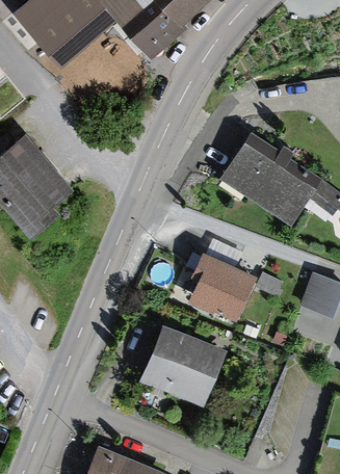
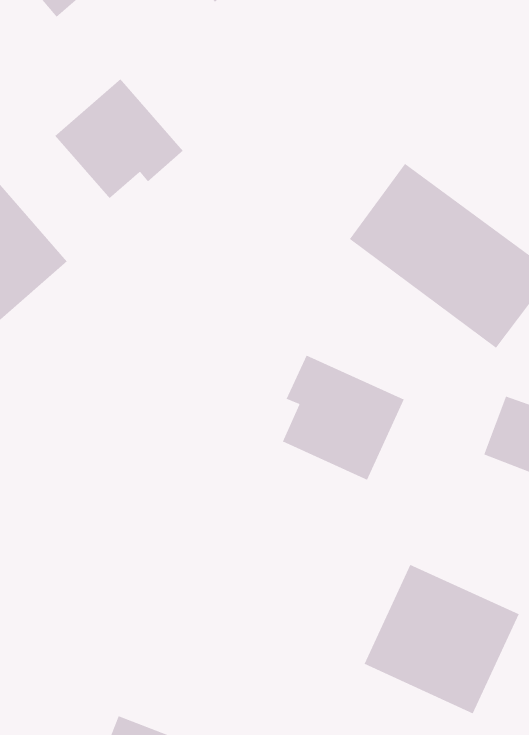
building: none -> [54,78,184,199]
building: [150,332,237,416] -> [363,564,520,714]

